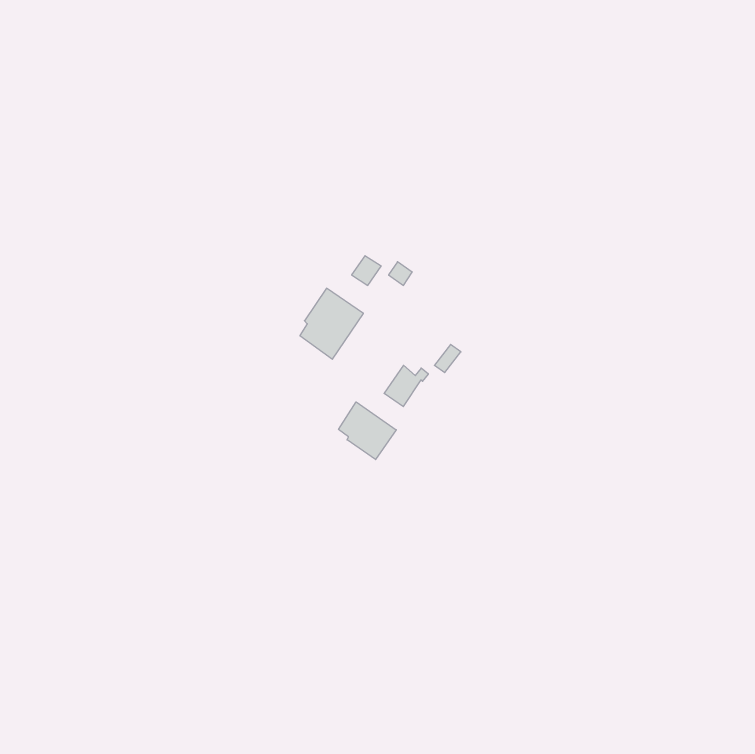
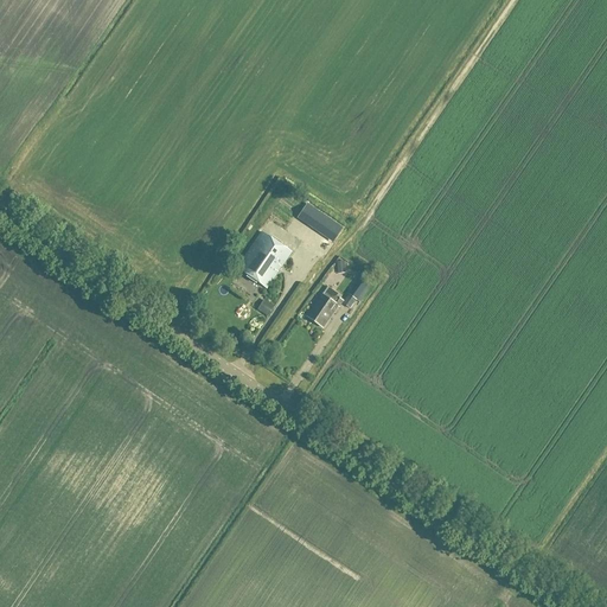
building: [339,402,396,460] -> none

